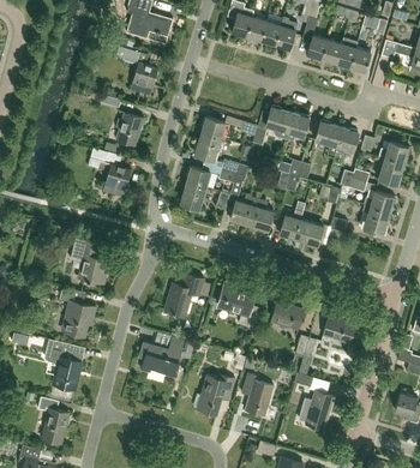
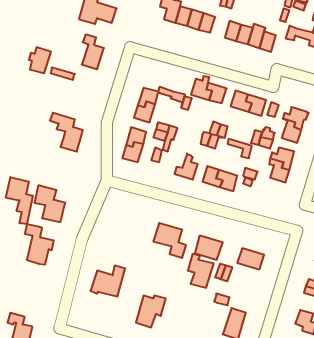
building: [115,112,143,144] -> [29,47,51,73]
building: [229,194,260,223] -> none
building: none -> [6,177,33,224]
building: [164,274,211,316] -> none
building: [49,340,82,390] -> none
building: [241,373,274,415] -> [188,254,214,288]

